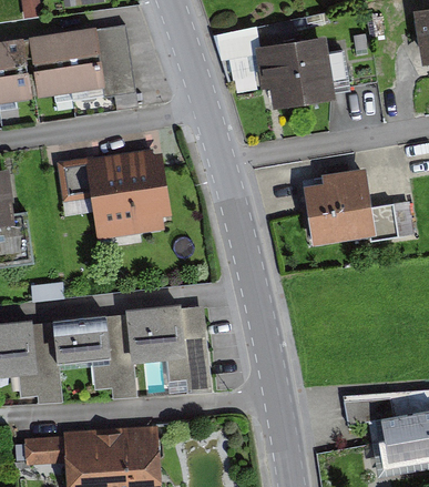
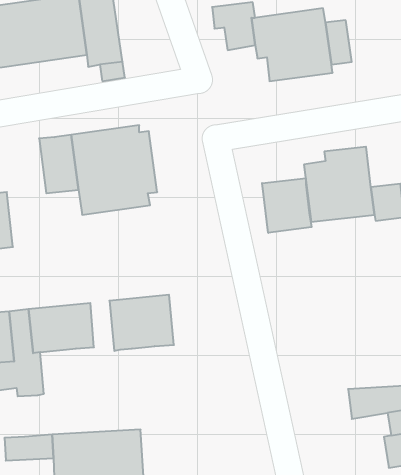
building: none -> [262,178,312,233]
building: [165,305,213,393] -> none
building: [92,313,136,397] -> none

